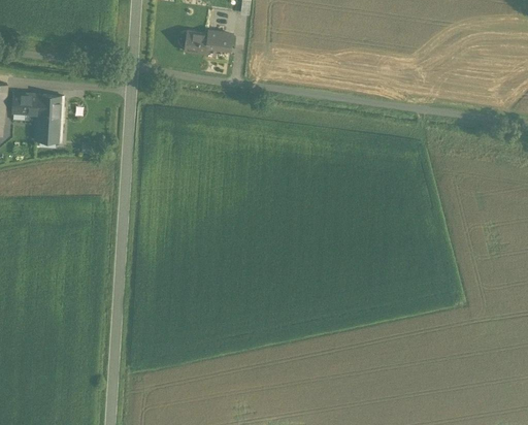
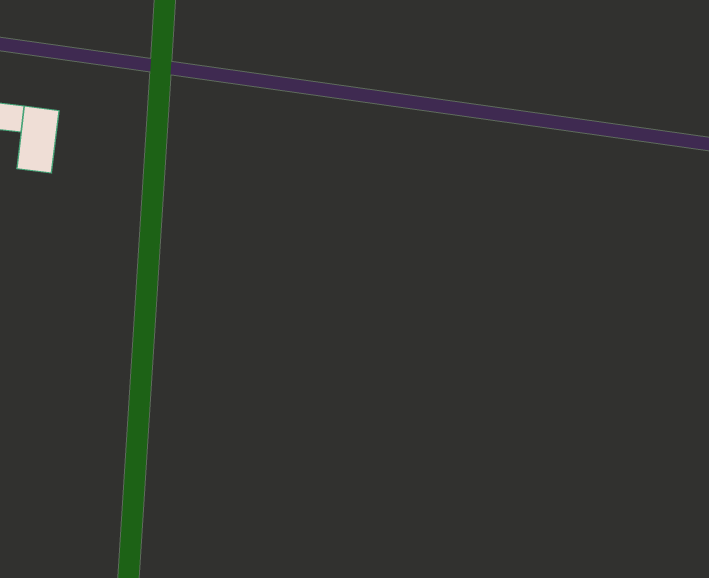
building: [186,33,231,53] -> none

